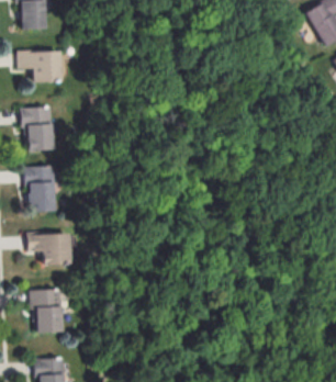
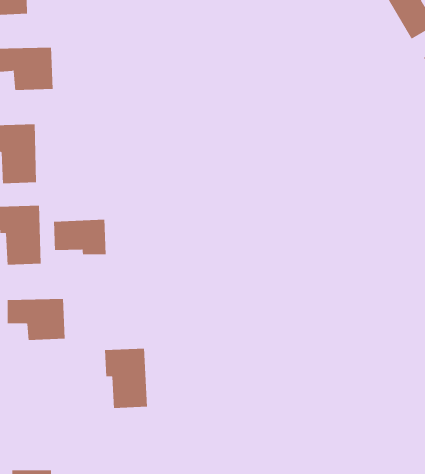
building: none -> [54,219,106,255]
building: [30,290,61,334] -> [104,348,148,408]

